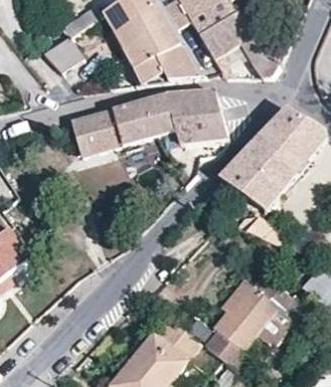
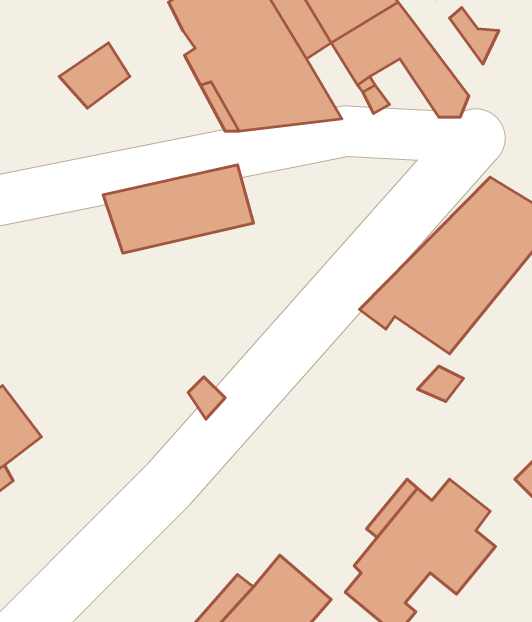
building: [145,90,228,143] -> none

